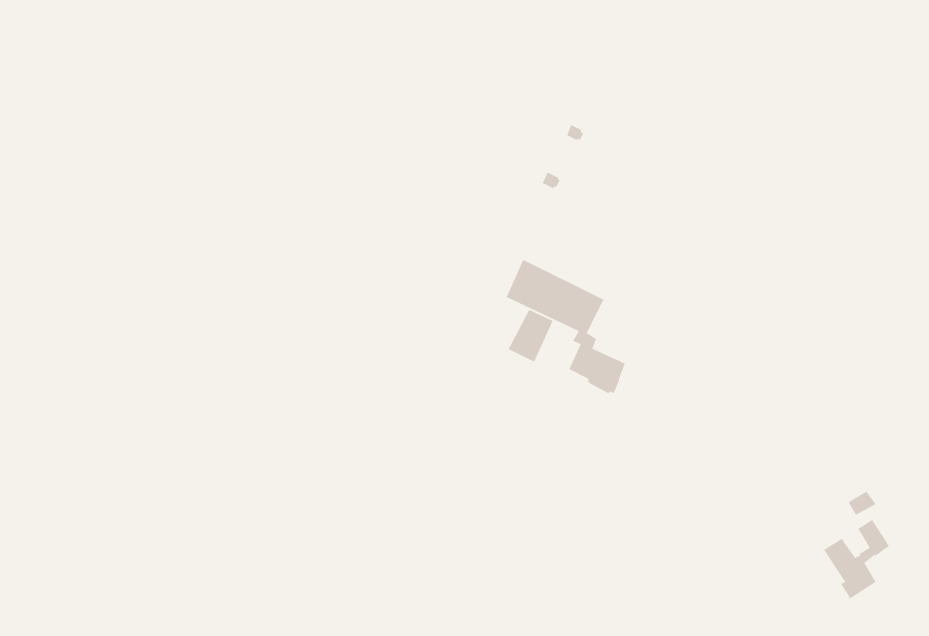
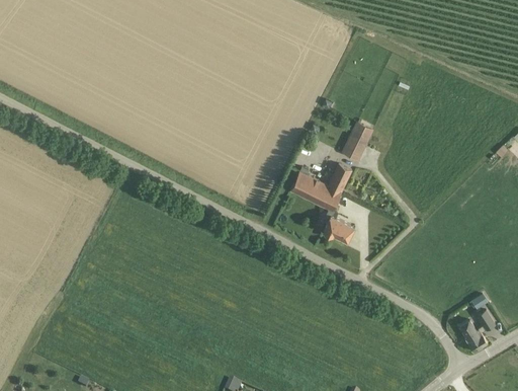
building: none -> [341,120,373,158]
building: [508,309,553,363] -> [327,162,351,190]

